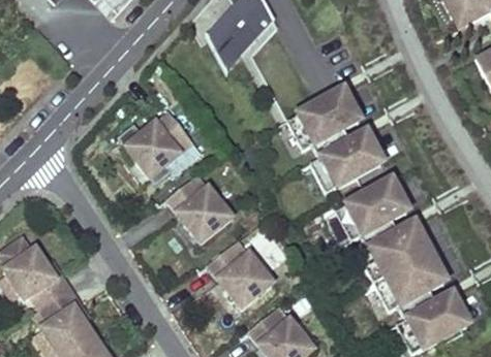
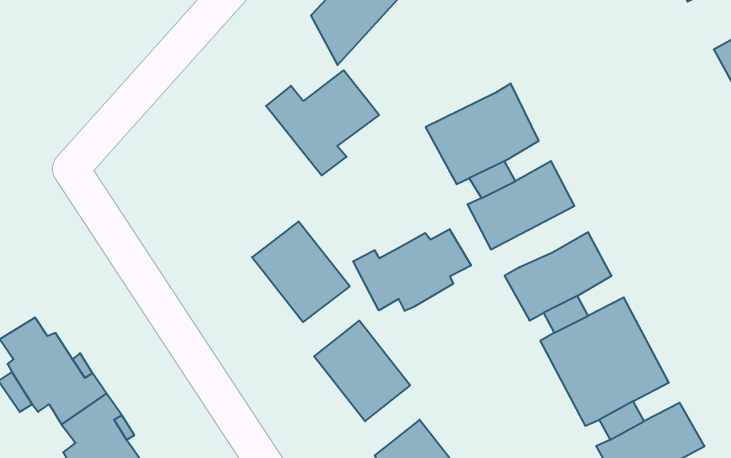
building: [120,111,195,182] -> [266,70,379,175]
building: none -> [353,229,471,311]

